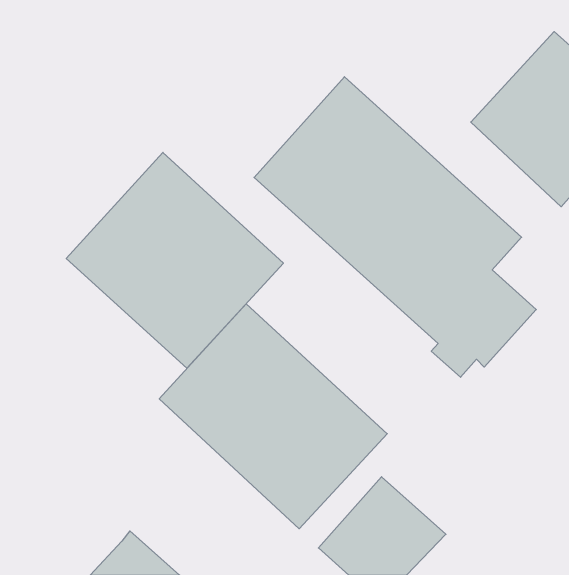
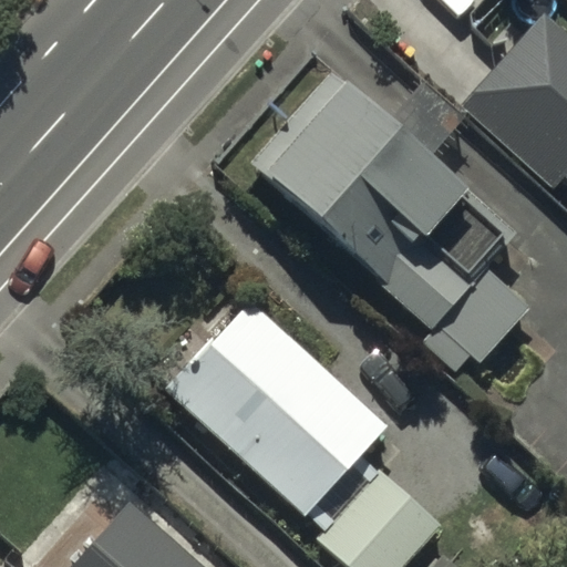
building: [66,152,283,368] -> none

